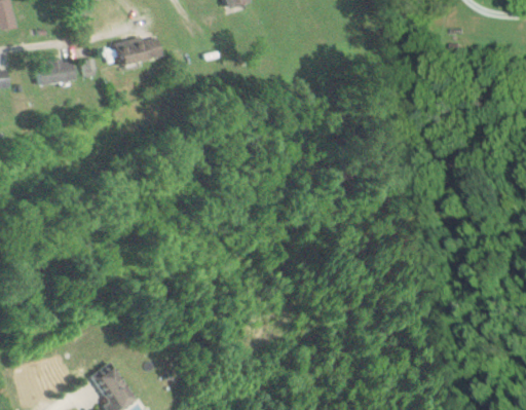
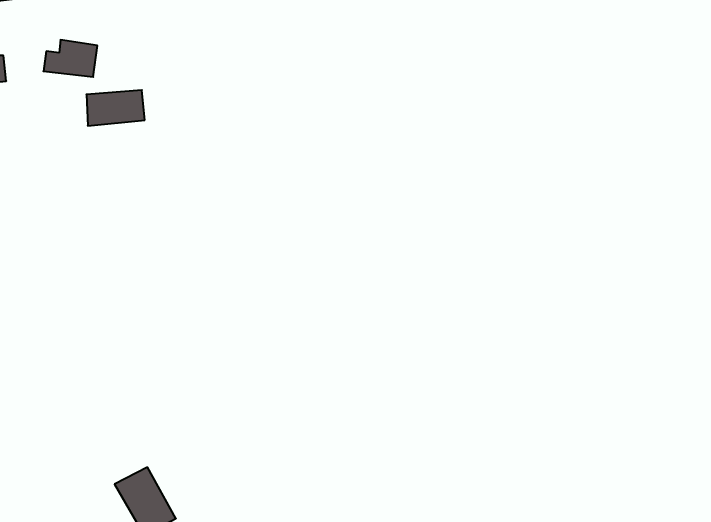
building: [119,38,161,64] -> [86,90,145,126]

